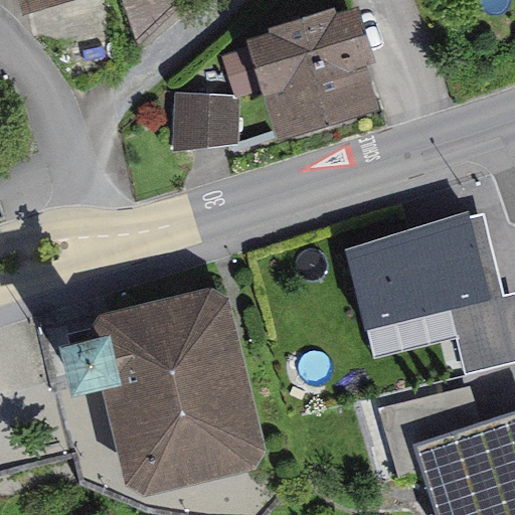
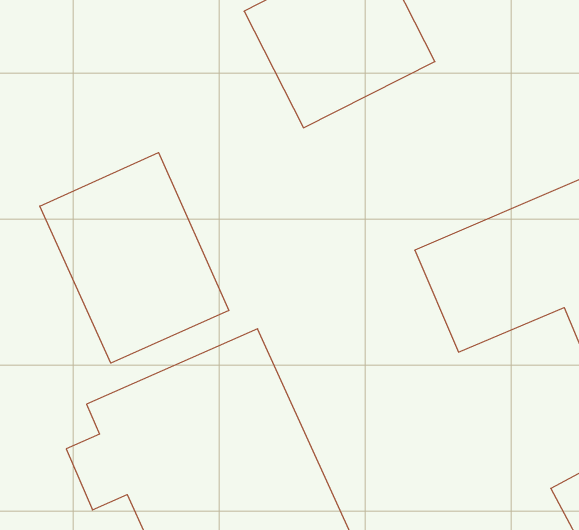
building: [167,77,238,141] -> none
building: none -> [40,153,229,363]

